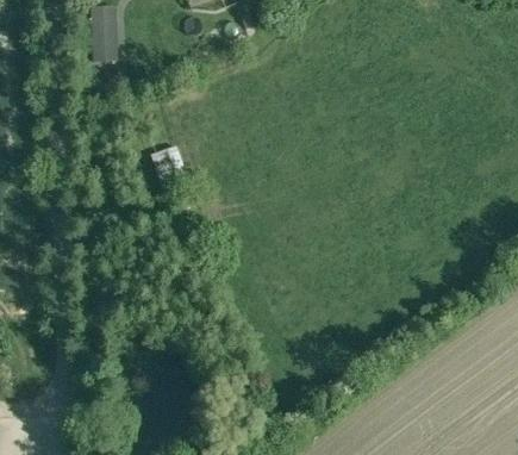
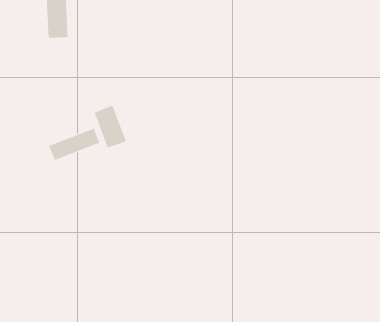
building: none -> [48,128,100,161]

